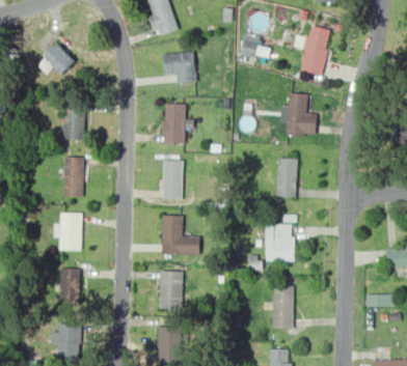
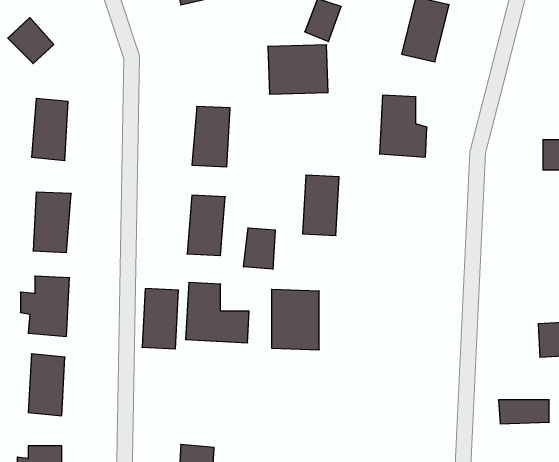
building: [160,54,199,86] -> [268,45,328,94]
building: [275,157,299,196] -> [303,175,339,236]
building: none -> [244,228,275,269]
building: [265,222,296,261] -> [272,289,319,350]
building: [158,271,182,310] -> [142,289,179,349]
building: [272,287,297,327] -> none

